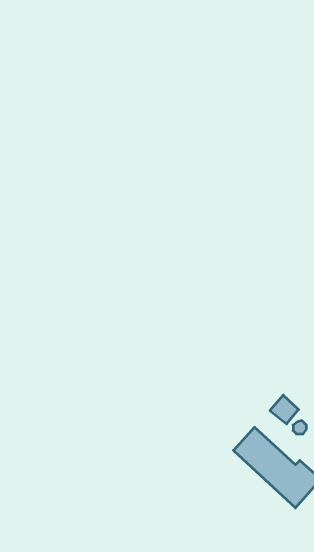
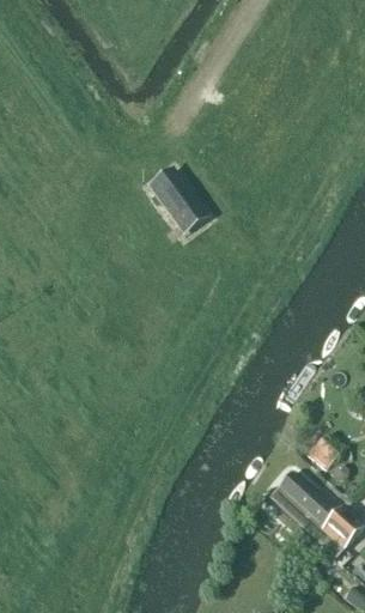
building: none -> [150,166,209,232]

